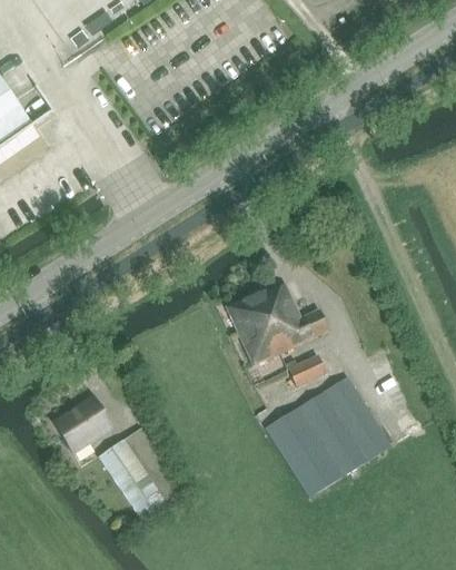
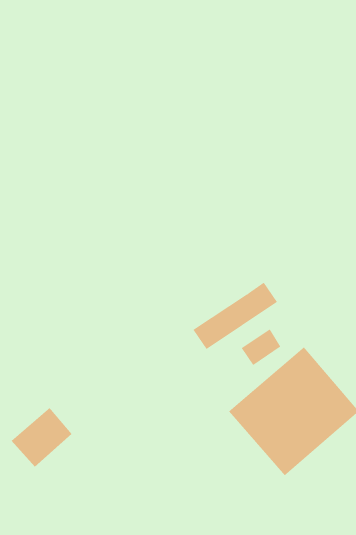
building: [226,284,300,344] -> none
building: [98,429,184,520] -> none

